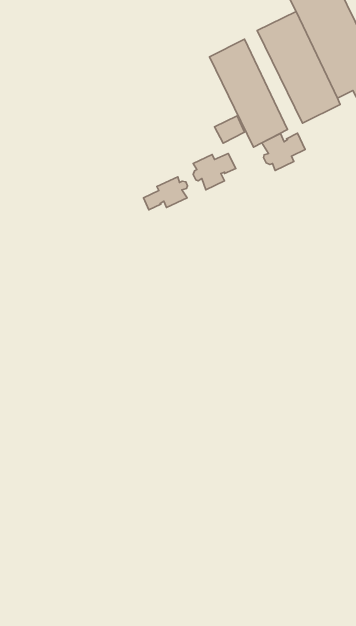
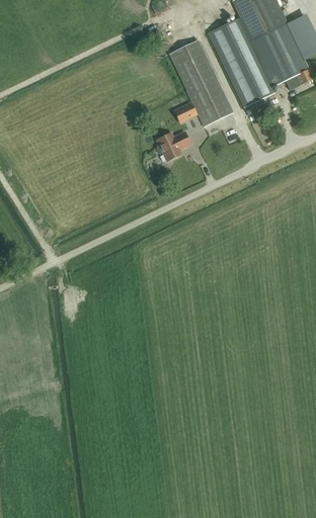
building: [262,133,305,171] -> none
building: [144,177,188,210] -> none

